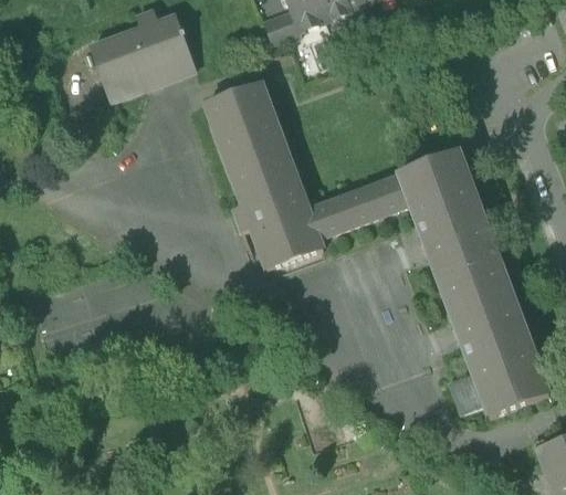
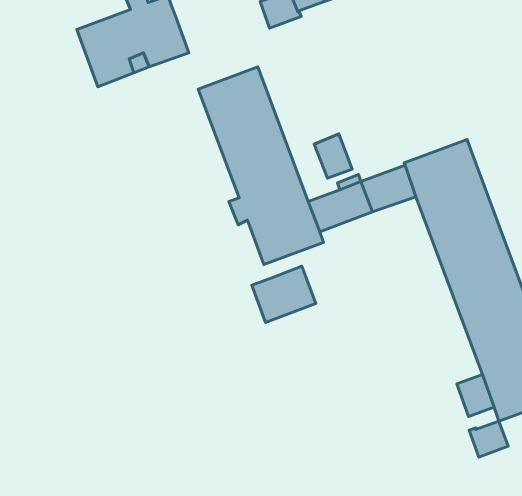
building: none -> [314,134,352,178]
building: none -> [252,266,316,322]
building: none -> [469,421,508,457]

